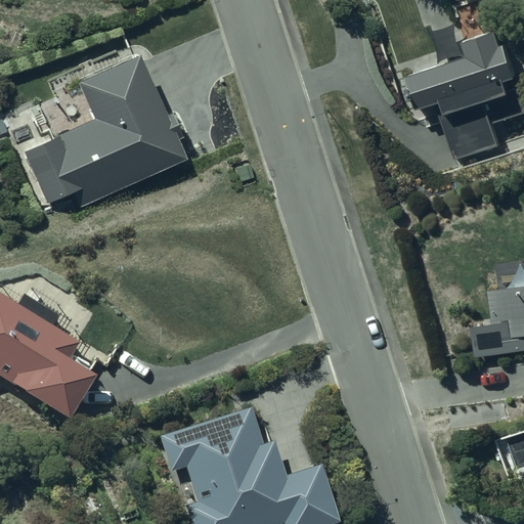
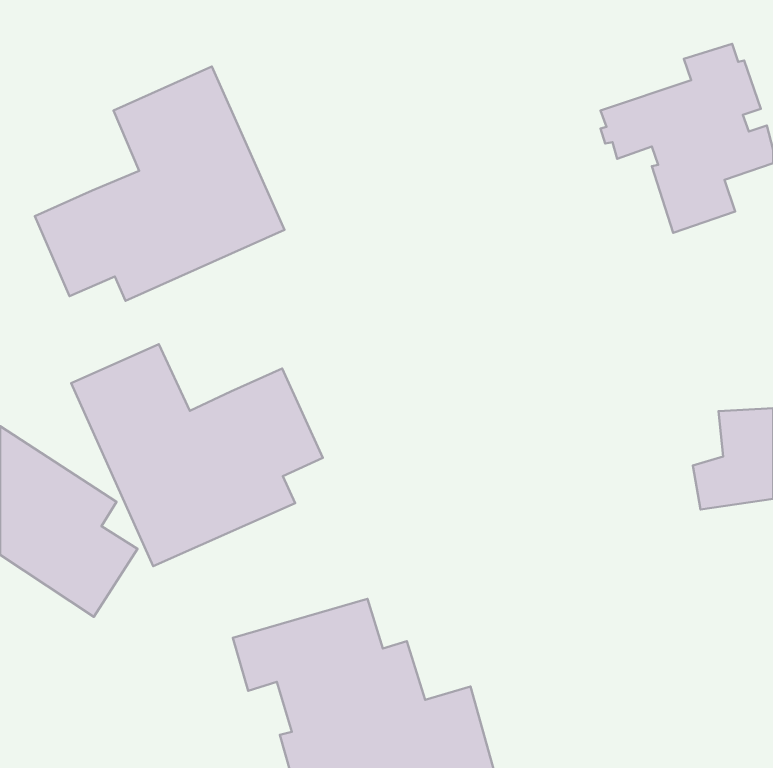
building: none -> [71,344,323,566]

